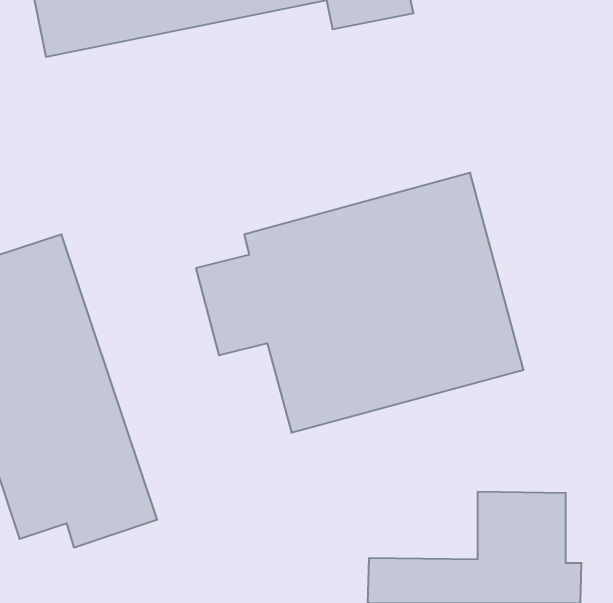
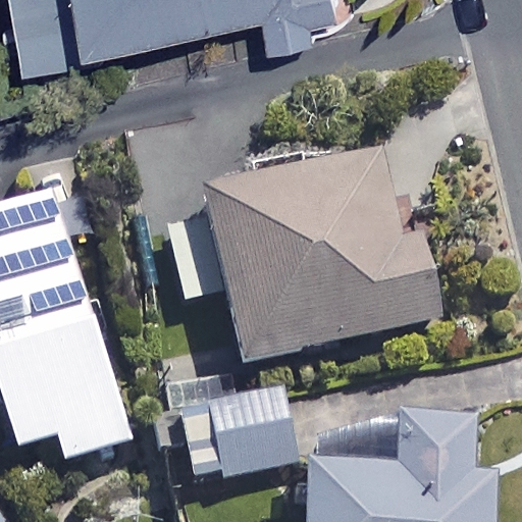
building: none -> [181,393,302,484]

